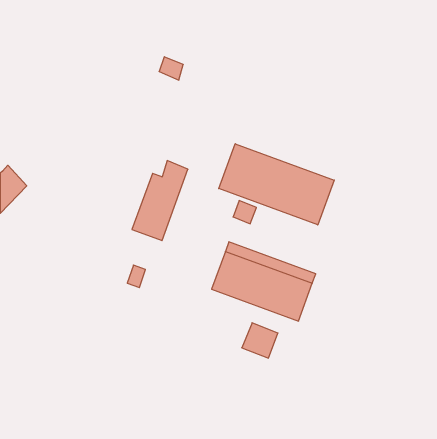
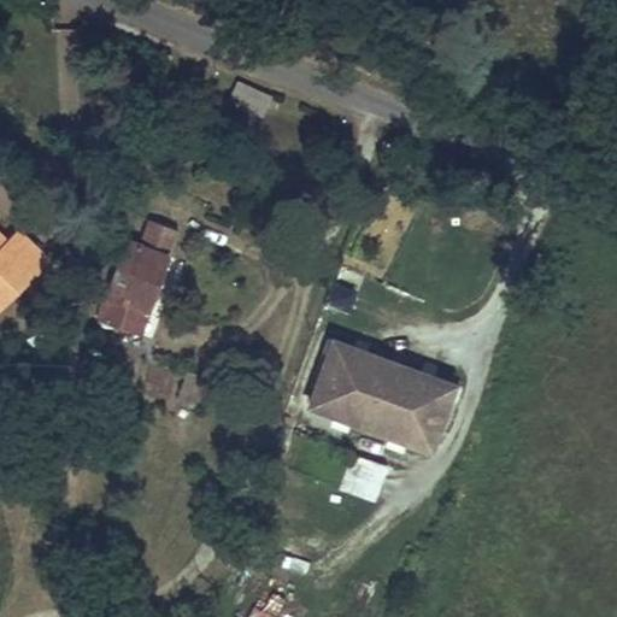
building: [219,144,334,225] -> none
building: [132,161,188,241] -> [102,222,181,334]

